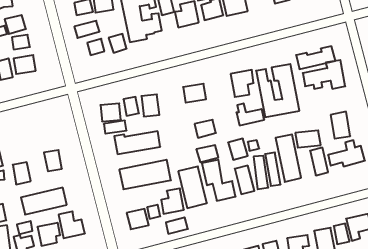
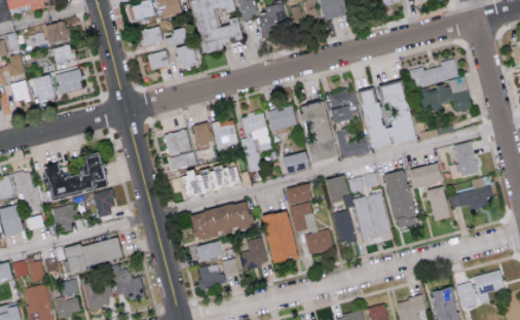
building: none -> [301,101,335,163]
building: none -> [243,112,272,172]
building: none -> [44,152,108,199]
building: [166,217,188,234] -> [196,241,224,261]

